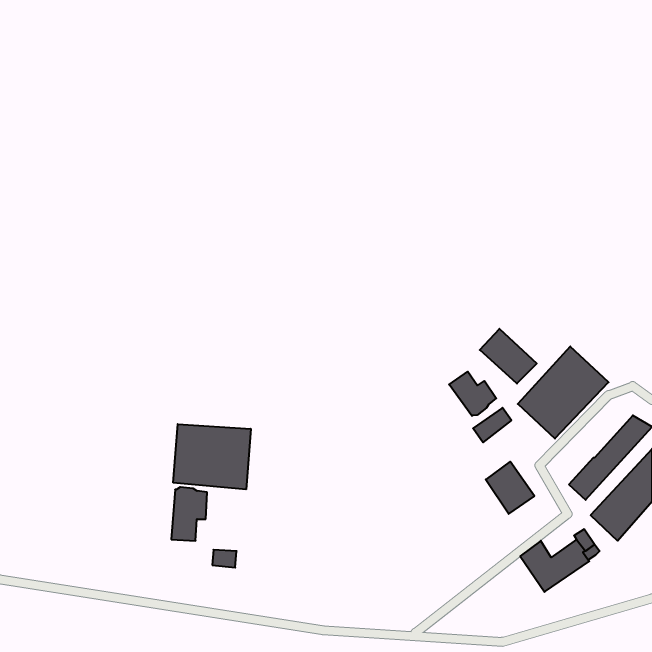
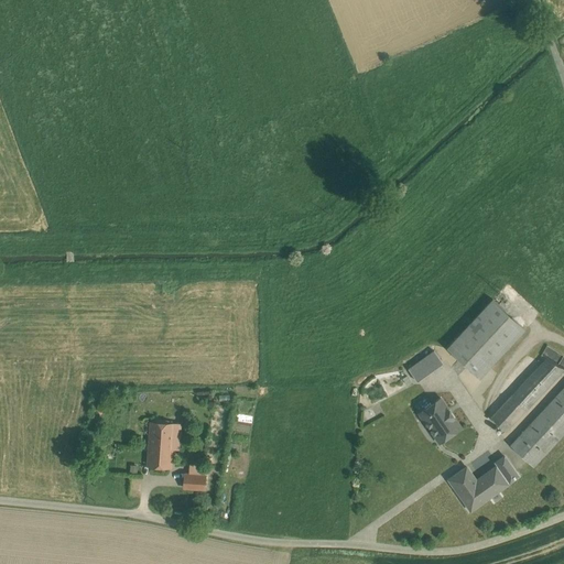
building: [480,329,537,384] -> none
building: [449,372,496,416] -> none
building: [173,424,251,489] -> none

